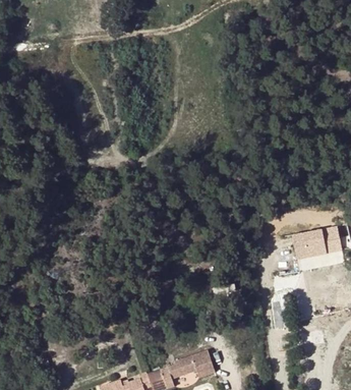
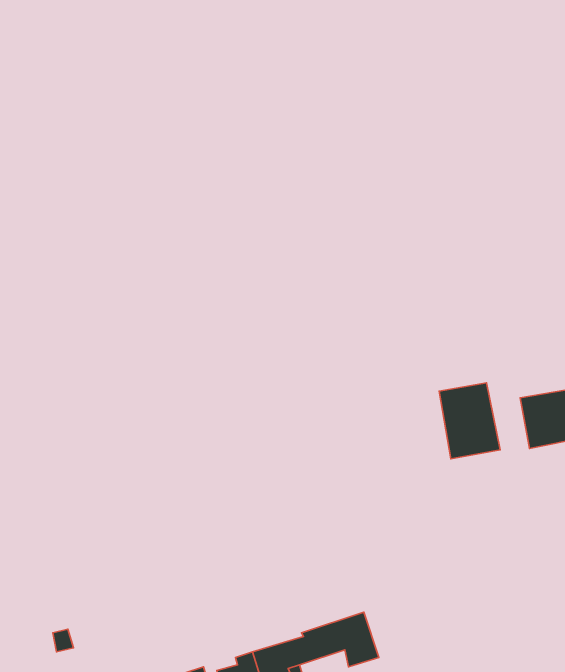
building: none -> [439,383,500,459]

